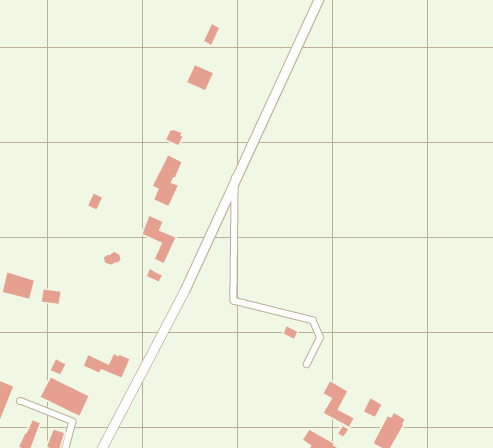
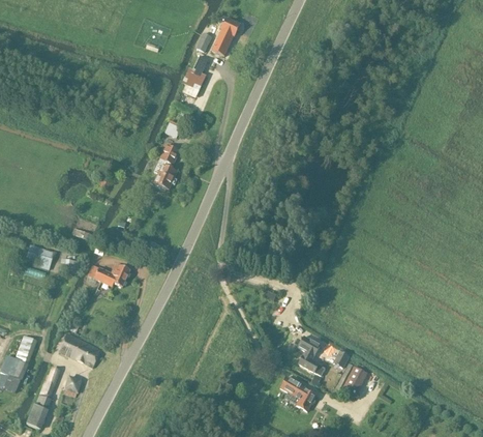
building: none -> [210,19,239,57]
building: [141,215,176,264] -> none
building: [83,353,130,379] -> [88,265,128,287]

